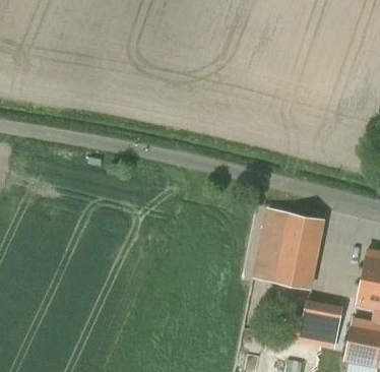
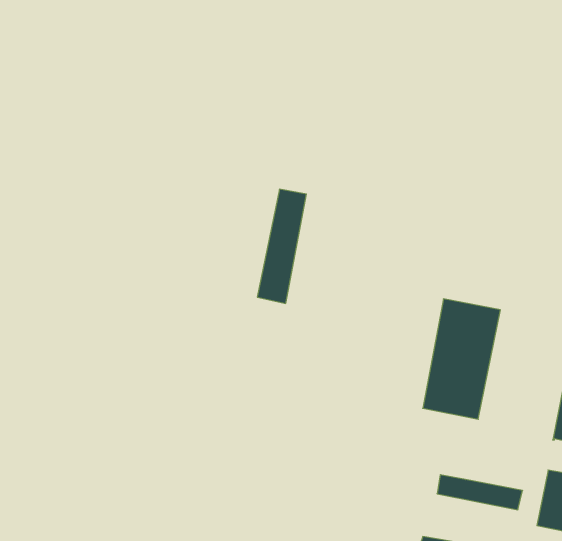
building: [255,208,287,282] -> [257,189,306,303]
building: [301,308,341,334] -> none

